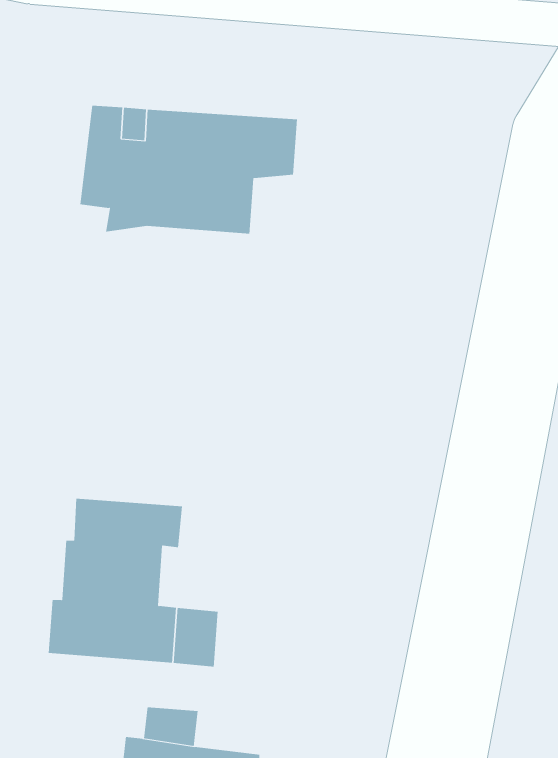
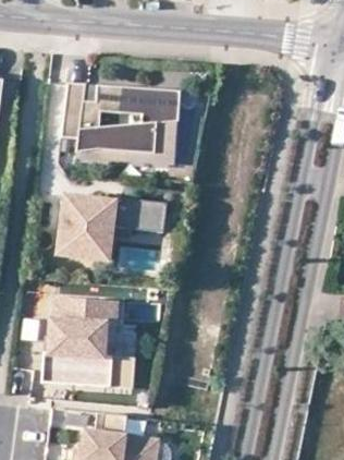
building: none -> [73,121,176,165]
building: none -> [58,197,164,262]

